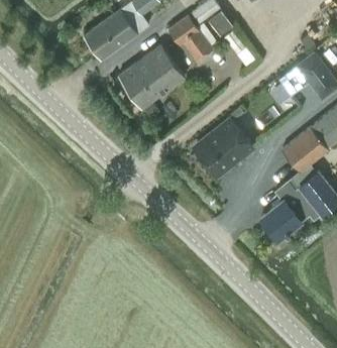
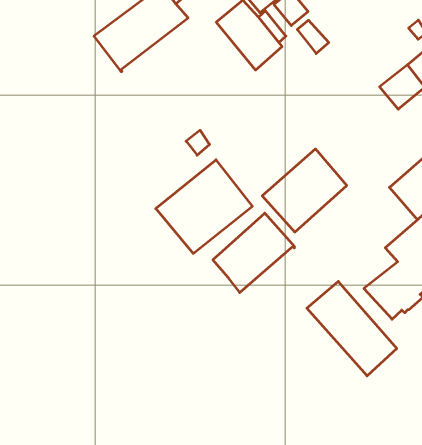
building: [118,45,185,109] -> [156,160,252,253]
building: none -> [213,213,294,293]
building: none -> [307,281,397,376]

